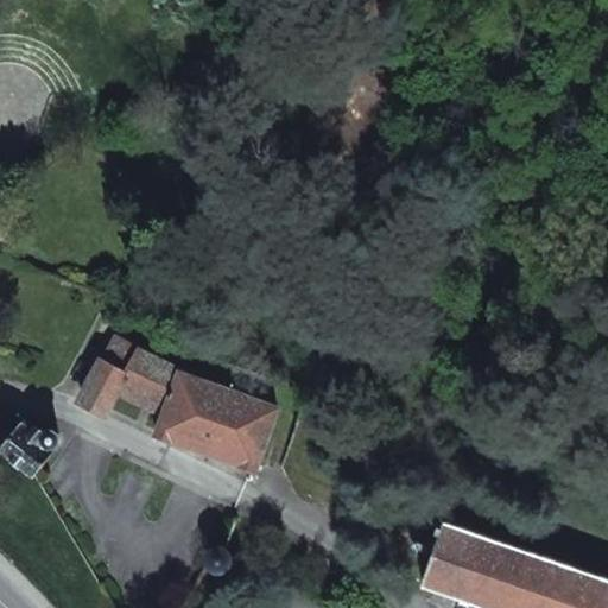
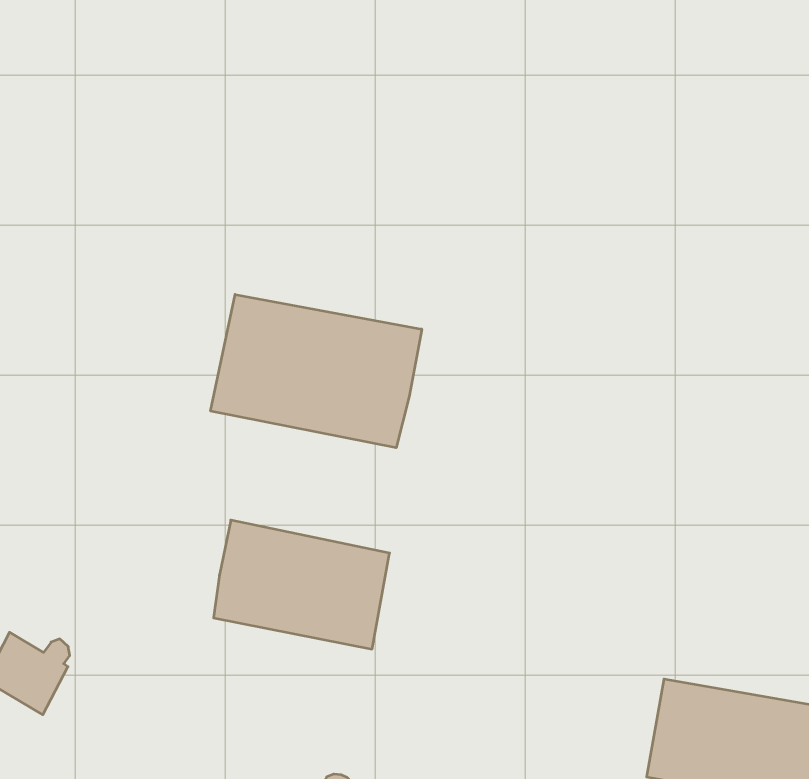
building: none -> [211,294,422,448]
building: [78,338,178,411] -> none

